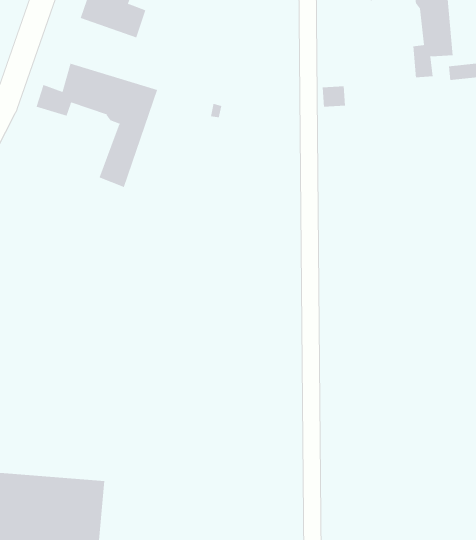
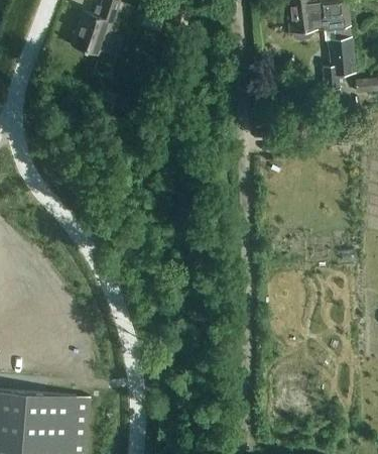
building: [36,63,158,188] -> none

